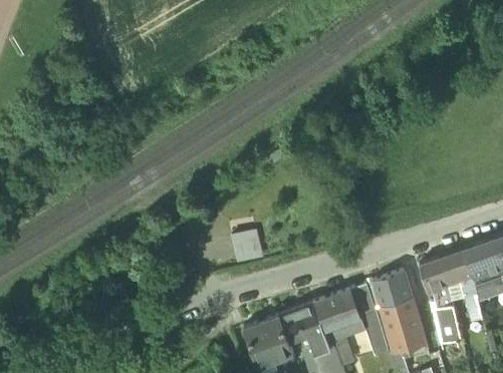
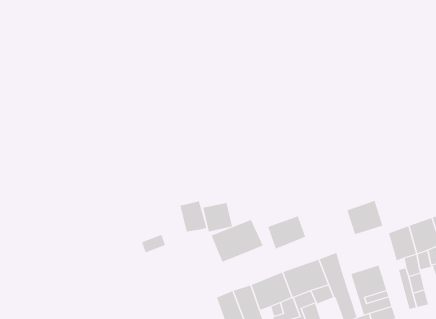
building: none -> [180,200,207,234]
building: none -> [267,215,306,249]
building: none -> [211,219,263,262]
building: [373,270,411,305] -> [347,200,383,235]

